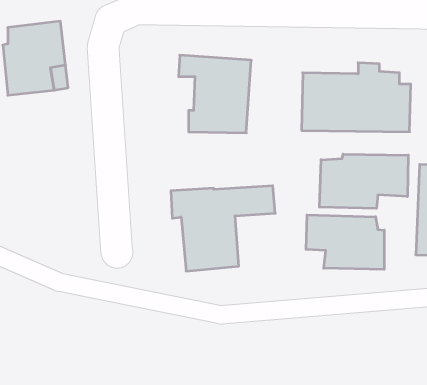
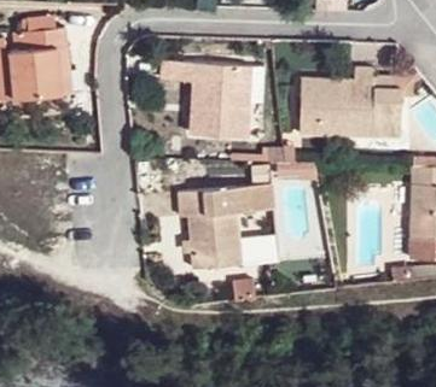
building: [319,154,408,208] -> none
building: [306,215,384,269] -> none

